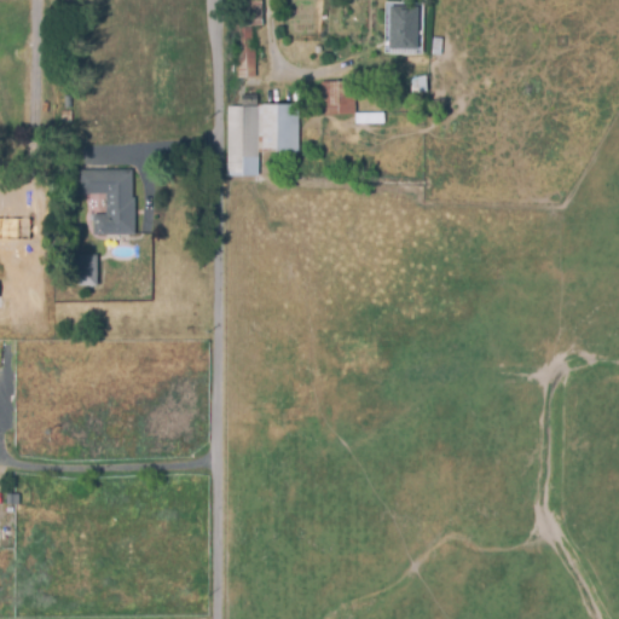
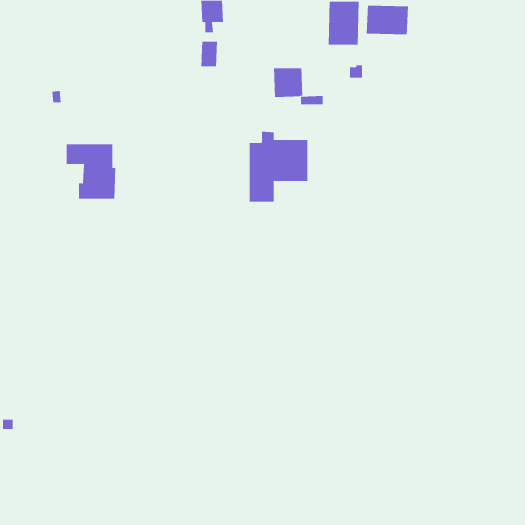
building: none -> [366,5,409,35]
building: [228,93,299,177] -> [249,131,308,202]
building: [77,254,98,288] -> none

